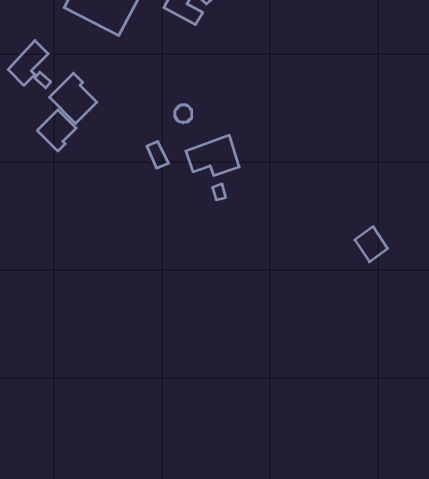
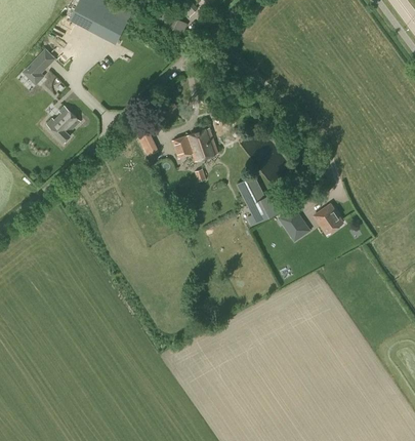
building: [49,73,97,124] -> none
building: none -> [237,175,283,227]
building: none -> [278,208,306,236]

